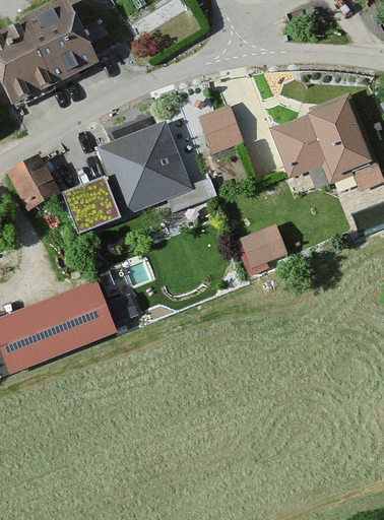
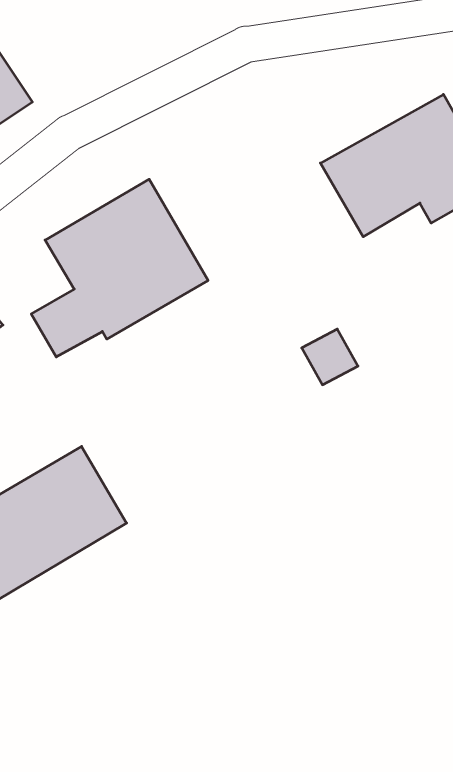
building: [198,106,239,148] -> none

